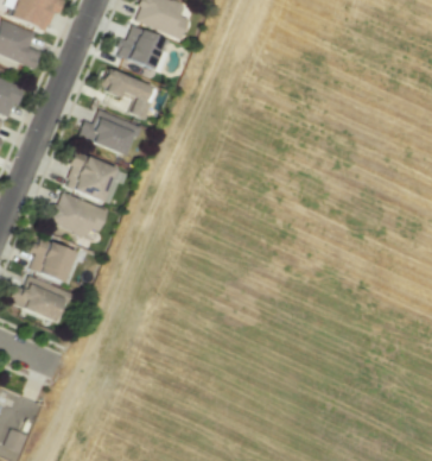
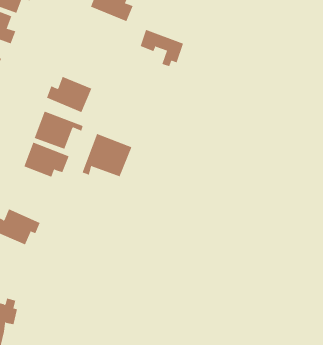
building: [114,26,165,68] -> none
building: [102,69,158,116] -> [140,29,184,67]
building: none -> [82,133,132,177]
building: [30,236,76,283] -> none

